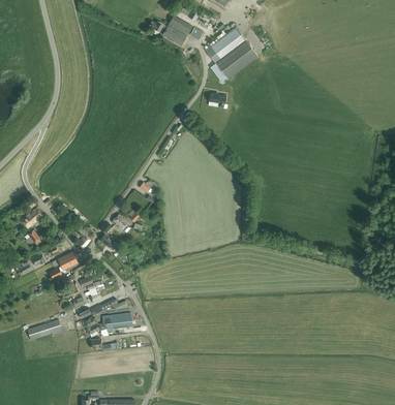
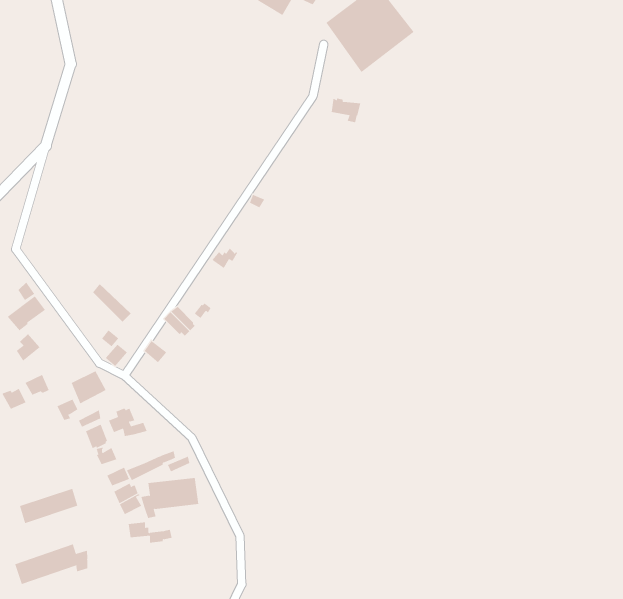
building: none -> [15,543,88,585]

